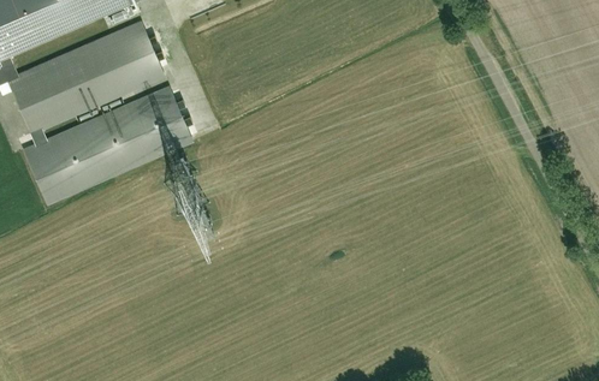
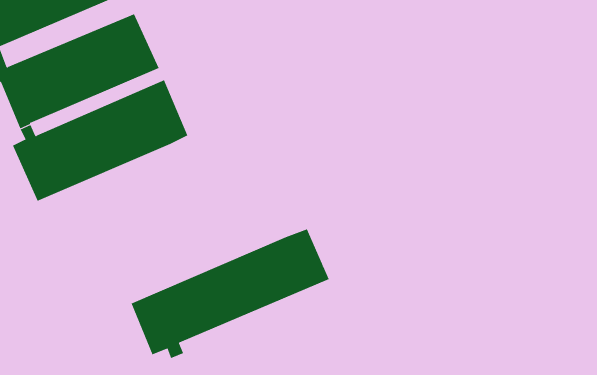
building: none -> [131,228,329,359]

